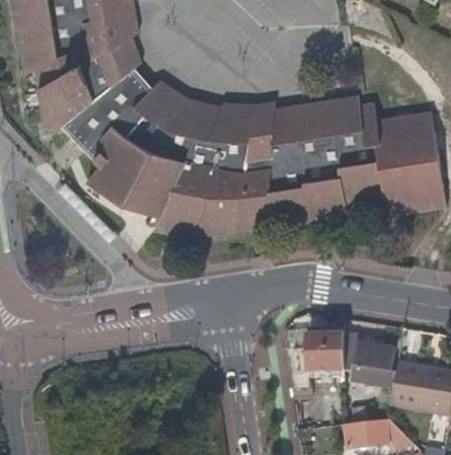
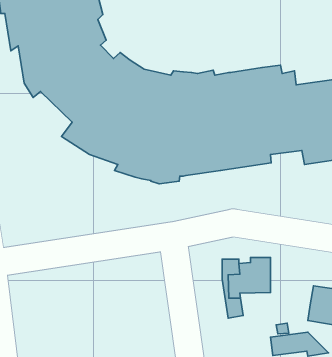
building: [344,342,398,386] -> none

